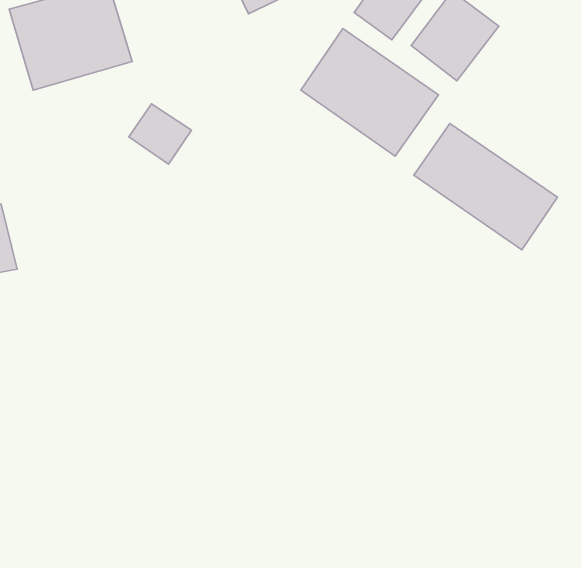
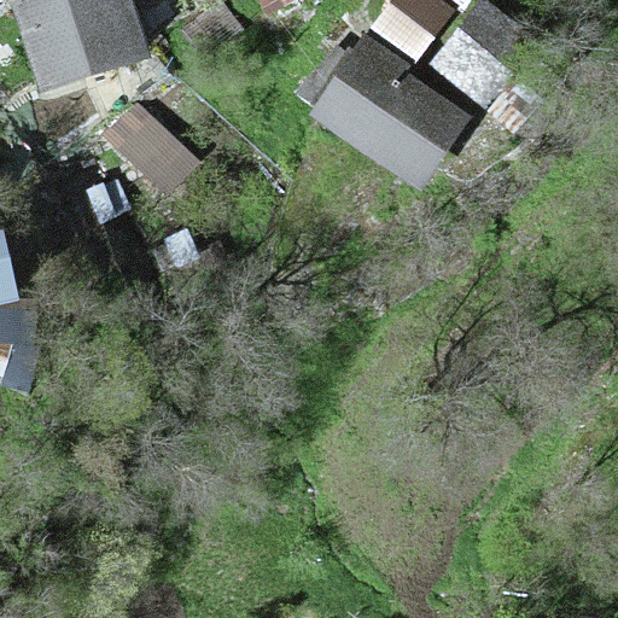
building: [414,123,557,250] -> none

